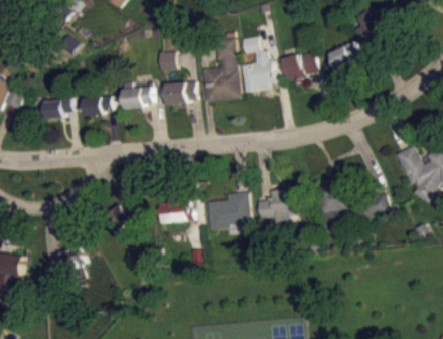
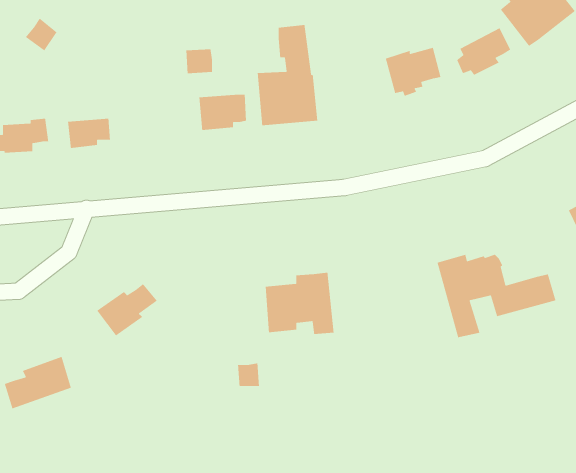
building: [242,36,274,92] -> none
building: [123,87,153,109] -> none
building: [258,188,306,222] -> none
building: [156,198,193,223] -> none

